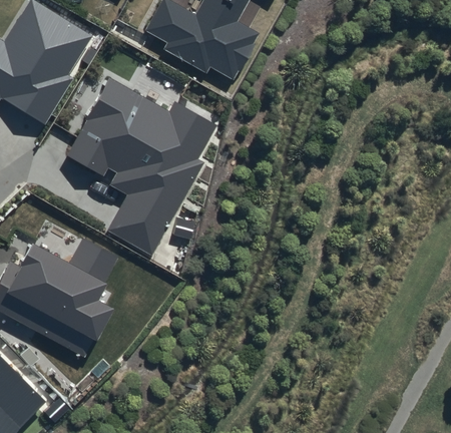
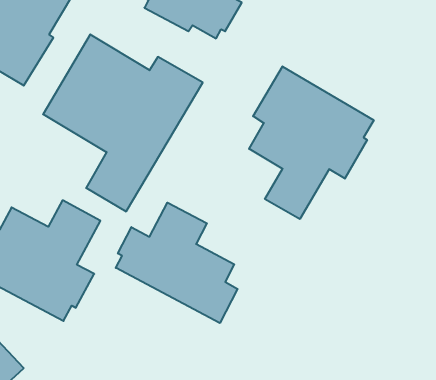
building: none -> [249,66,374,219]
building: none -> [116,203,238,323]

